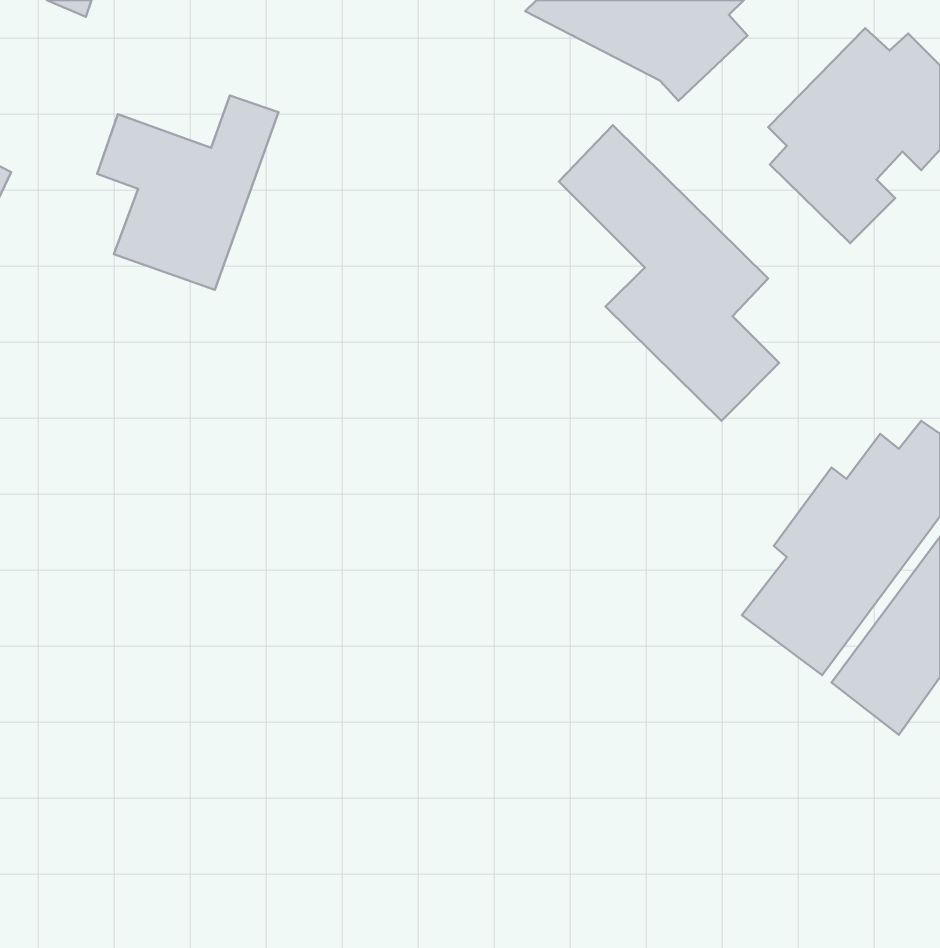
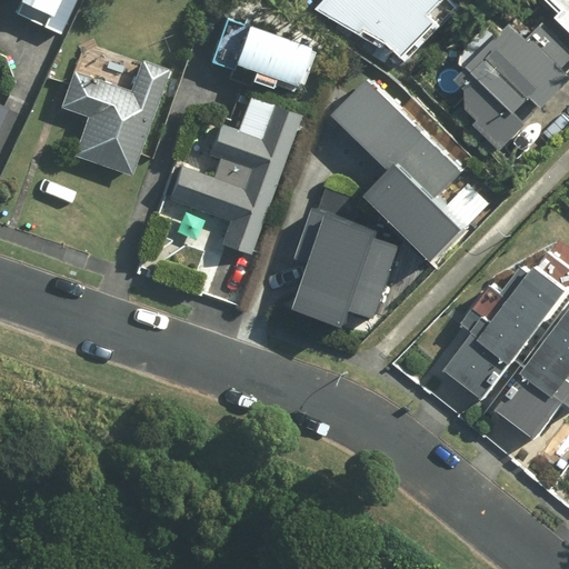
building: none -> [233,23,308,88]
building: none -> [166,97,298,256]
building: none -> [292,200,398,322]

